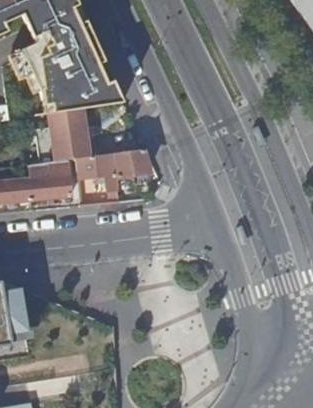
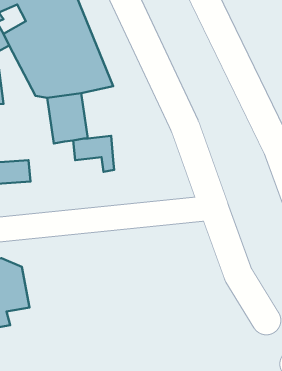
building: [117,147,152,177] -> none
building: [32,158,73,199] -> none

